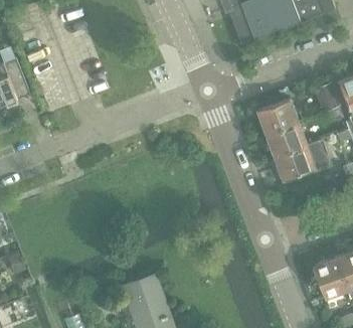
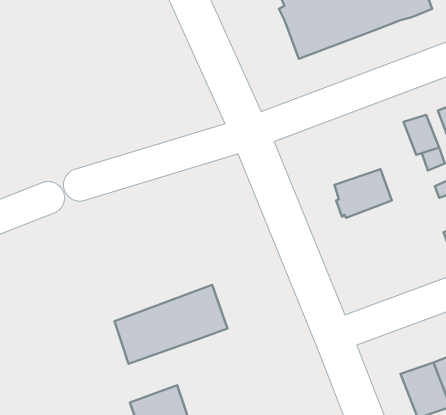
building: [256,99,298,133] -> none
building: [274,139,332,179] -> none
building: none -> [114,285,227,364]

